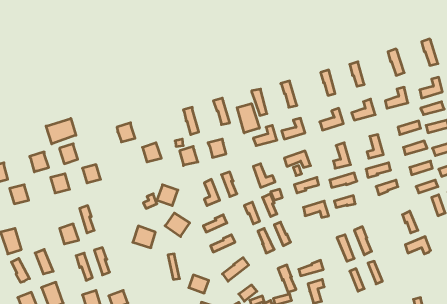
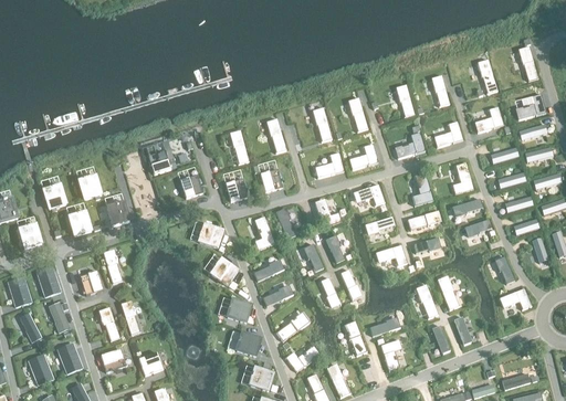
building: [237,104,259,133] -> none
building: [46,118,76,144] -> none
building: none -> [36,267,62,298]
building: [133,226,155,248] -> [222,298,250,325]

